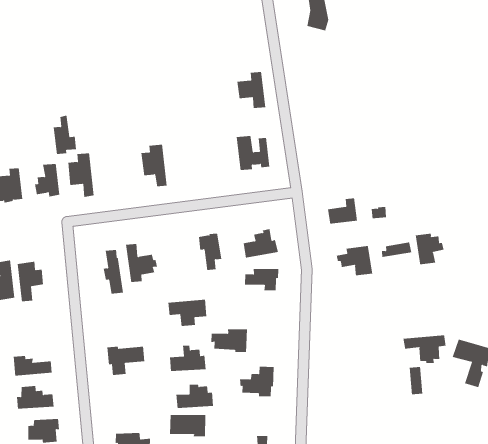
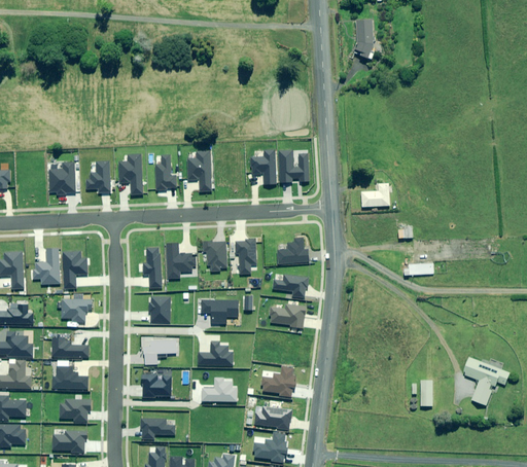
building: [236,71,266,109] -> [251,149,277,183]
building: [53,115,77,154] -> [155,153,176,189]
building: [327,198,358,224] -> [362,183,390,206]
building: [415,233,444,265] -> none
building: none -> [204,241,227,272]
building: [336,245,373,276] -> none
building: none -> [149,296,170,323]
building: none -> [62,298,92,321]
building: [211,329,248,353] -> [270,303,306,327]
building: [403,335,446,364] -> none
building: none -> [142,373,172,397]
building: [169,415,206,437] -> [255,405,291,429]

